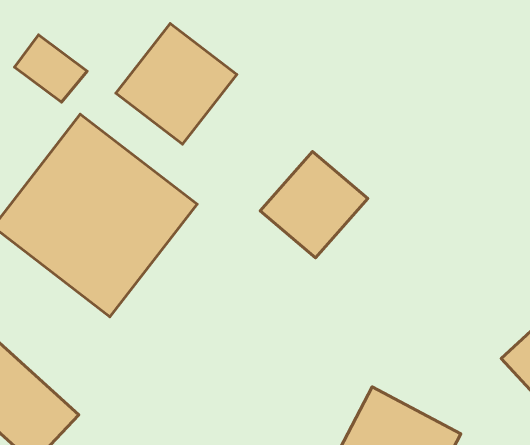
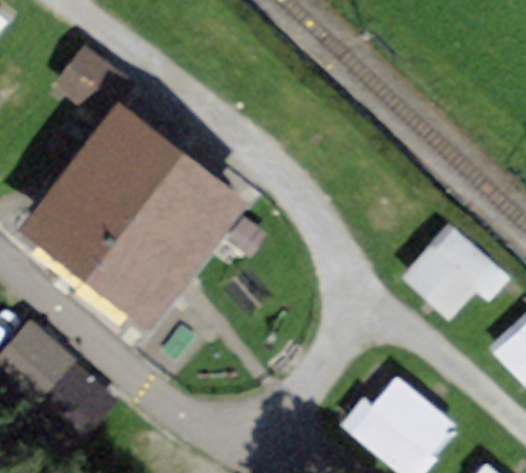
building: [116,23,237,144] -> none
building: [260,152,368,258] -> [402,224,498,319]

